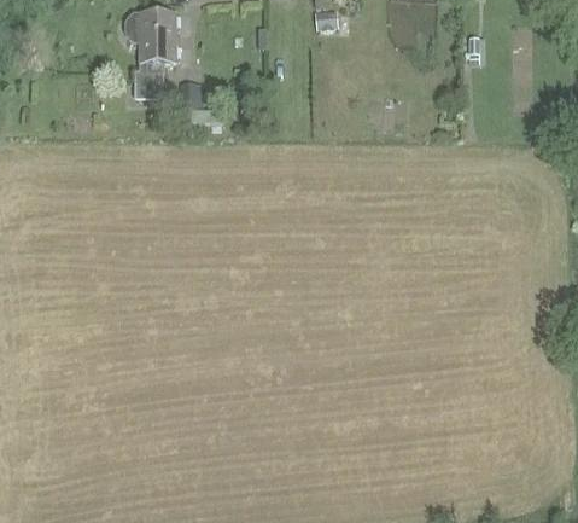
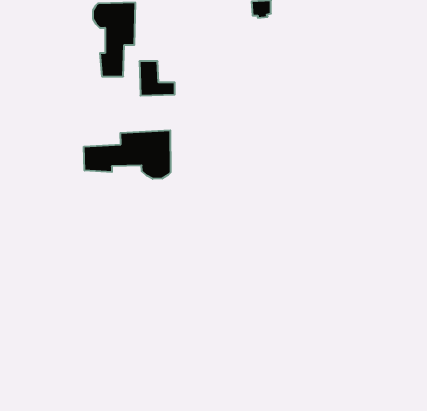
building: none -> [84,130,170,179]

